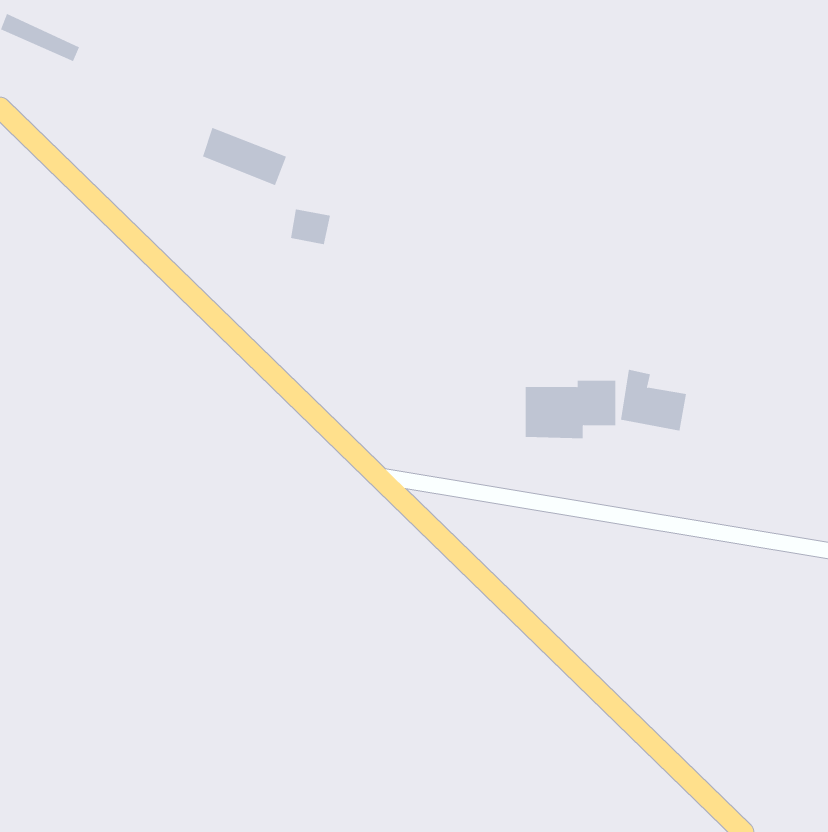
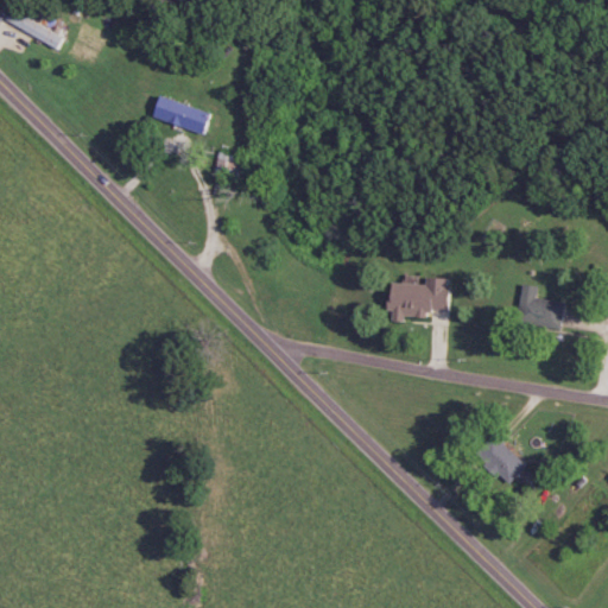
building: [620,369,687,431] -> [518,284,566,329]
building: none -> [476,435,526,483]

